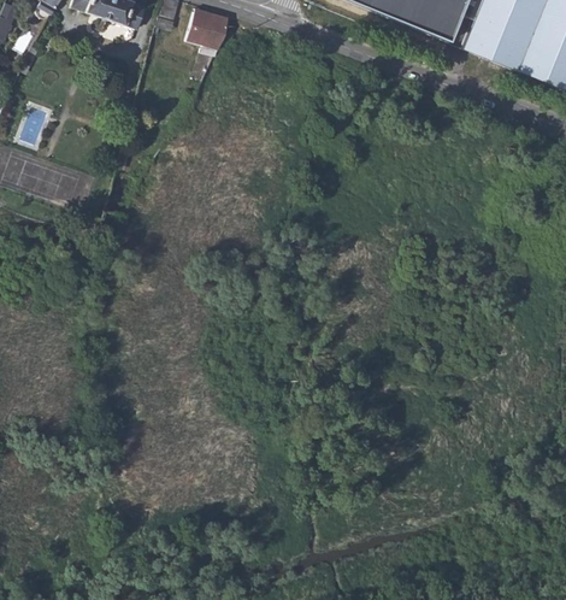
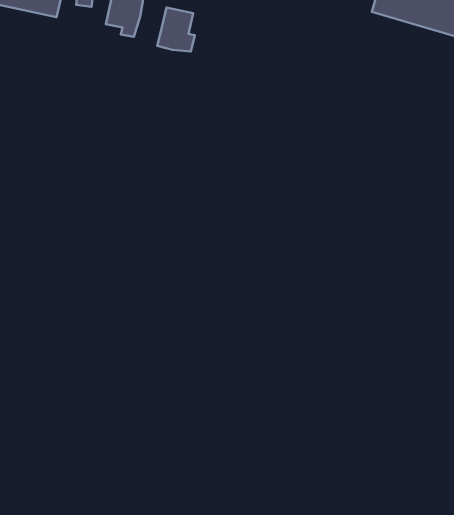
building: none -> [157,7,195,51]

